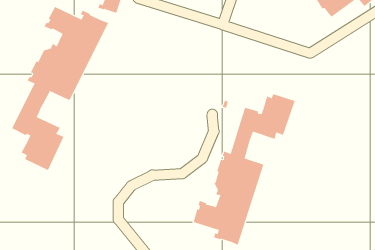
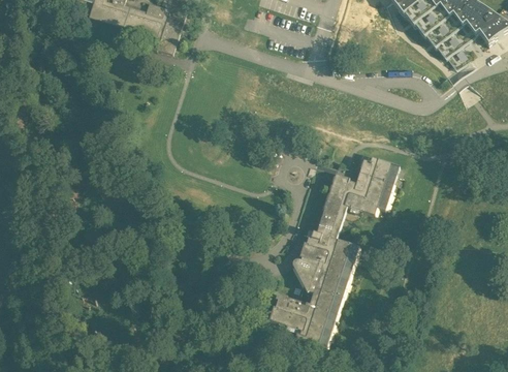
building: [12,6,109,171] -> none

